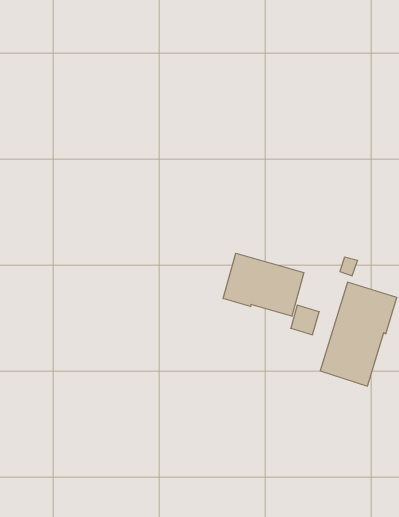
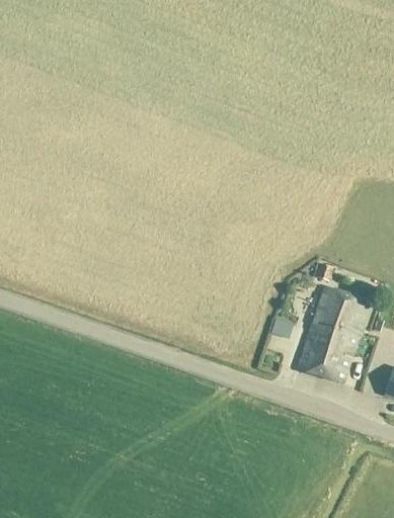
building: [223,253,304,316] -> none

